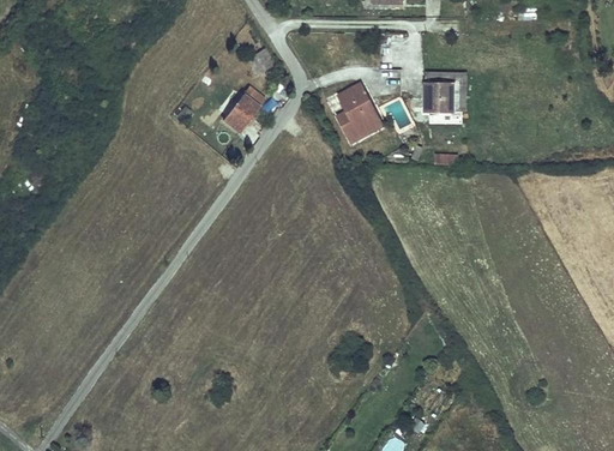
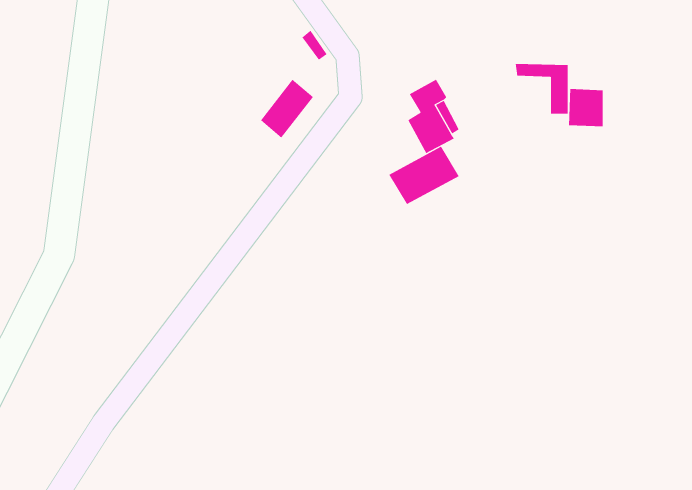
building: [422,84,450,114] -> [568,89,603,127]
building: none -> [389,146,459,205]

